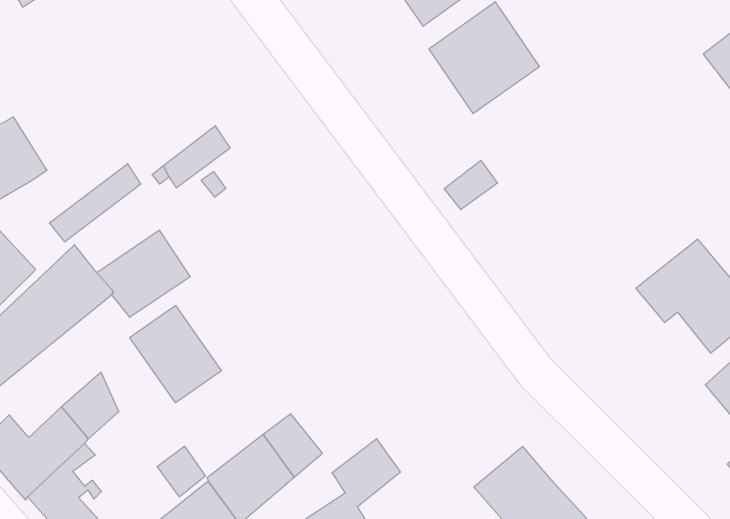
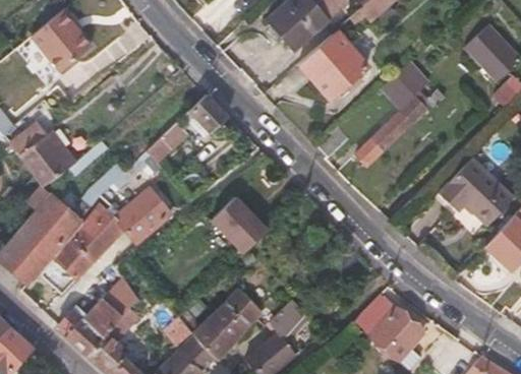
building: none -> [354,60,441,166]
building: none -> [187,95,227,134]
building: [130,306,222,403] -> [212,189,269,247]

